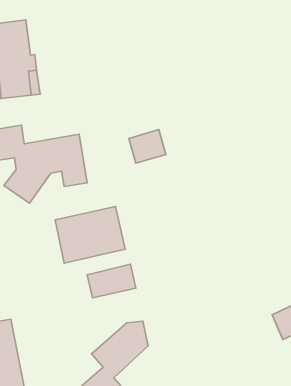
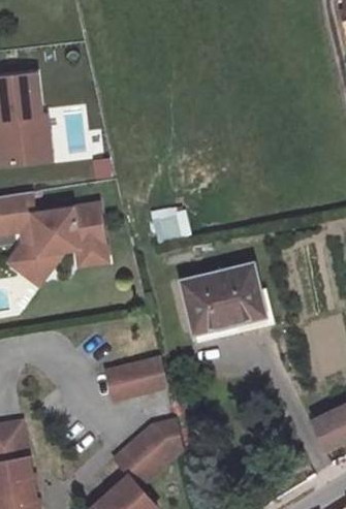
building: [55,207,125,263] -> [189,277,271,343]

